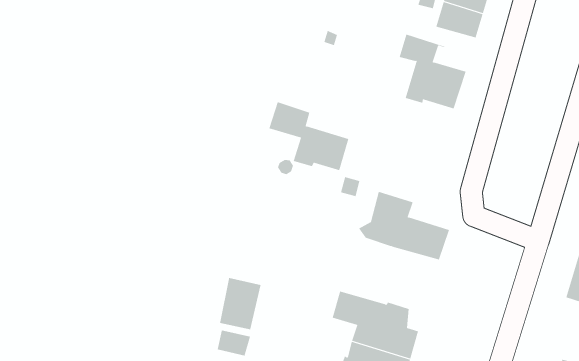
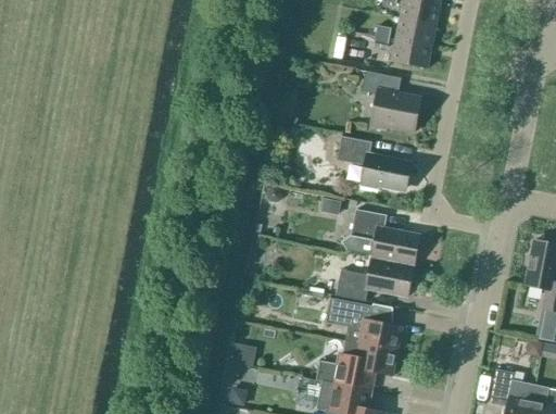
building: [268,102,349,171] -> [337,136,407,190]
building: none -> [336,260,414,301]
building: [220,277,261,330] -> none

